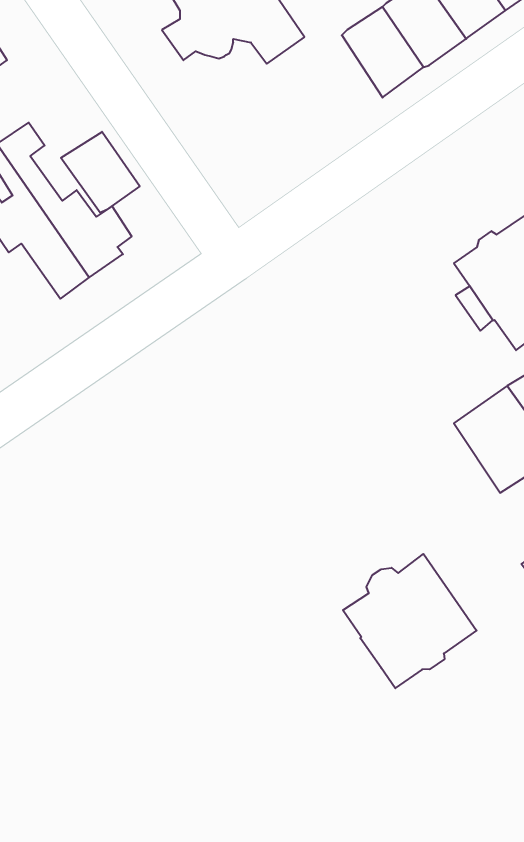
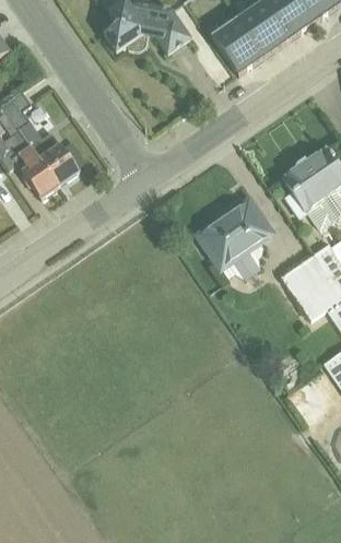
building: [61,132,140,213] -> none
building: none -> [197,197,272,275]
building: [343,554,477,688] -> none

